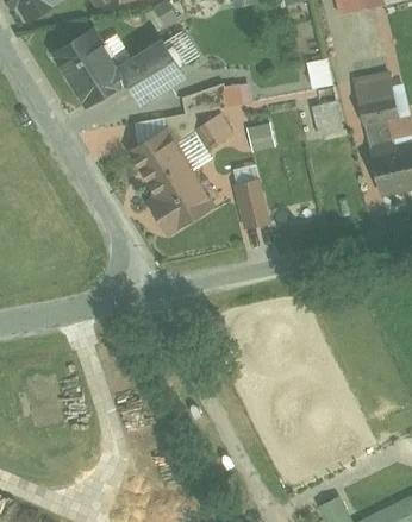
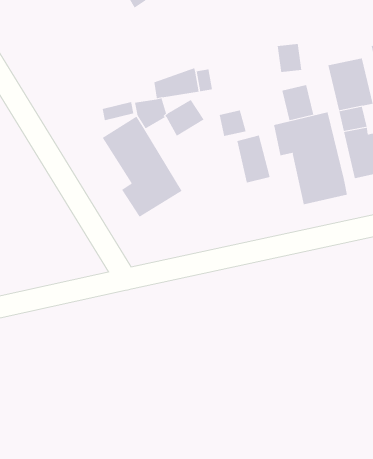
building: [55,30,182,105] -> none
building: none -> [274,111,348,205]
building: [236,180,269,227] -> [237,135,270,183]

